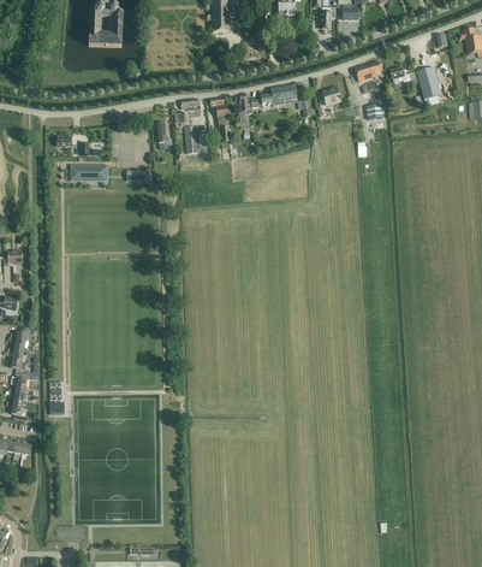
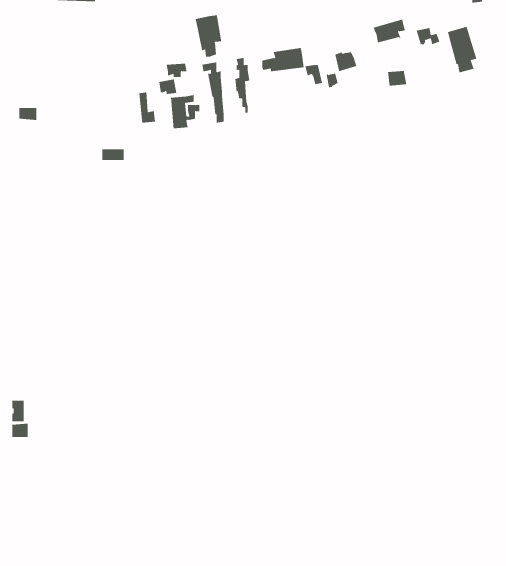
building: none -> [195,14,222,57]
building: [70,164,109,181] -> none

